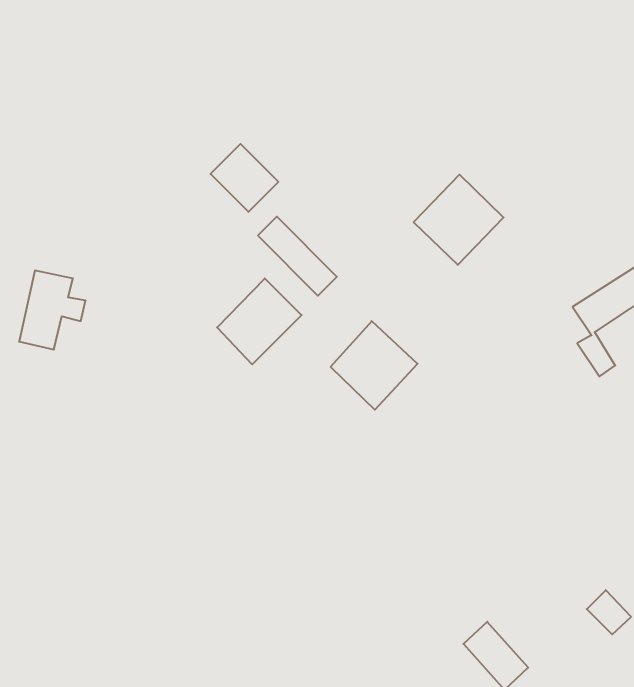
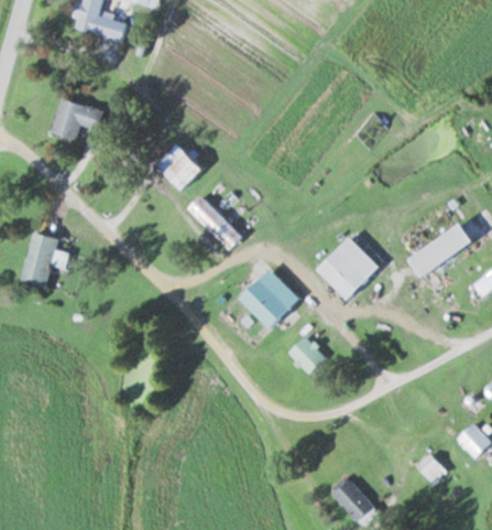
building: none -> [51,98,103,140]
building: [414,175,504,265] -> [316,236,379,299]
building: [217,278,302,364] -> none
building: none -> [288,335,327,374]

